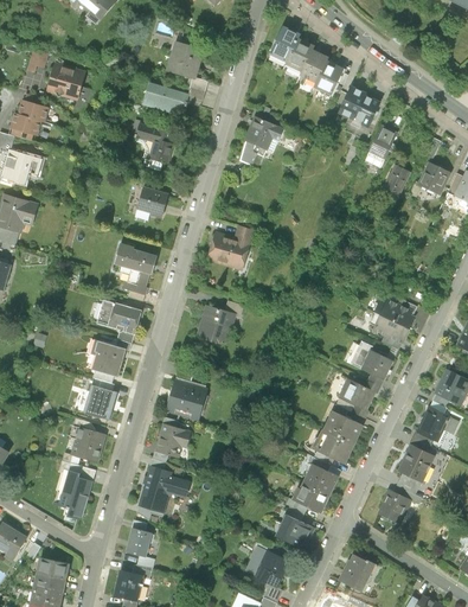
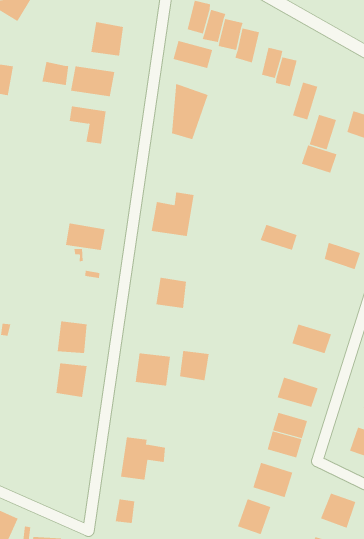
building: none -> [173,40,213,69]
building: none -> [42,61,69,86]
building: [137,185,169,215] -> none
building: none -> [301,144,337,174]
building: [97,298,142,332] -> none
building: [368,313,408,344] -> [260,224,297,251]
building: [347,344,393,381] -> none
building: [319,409,363,445] -> none
building: [70,426,108,464] -> none
building: [155,426,190,460] -> [179,351,209,381]
building: [50,467,95,520] -> none

